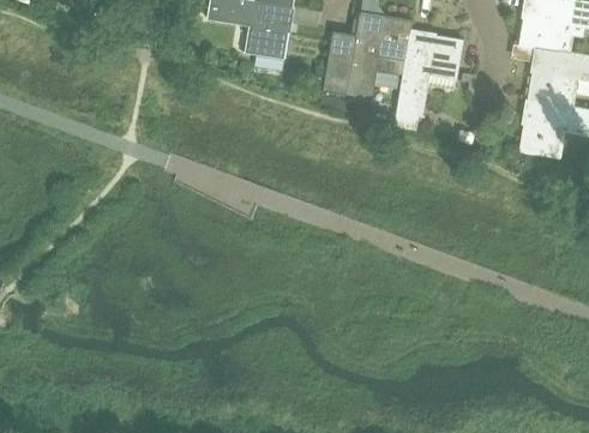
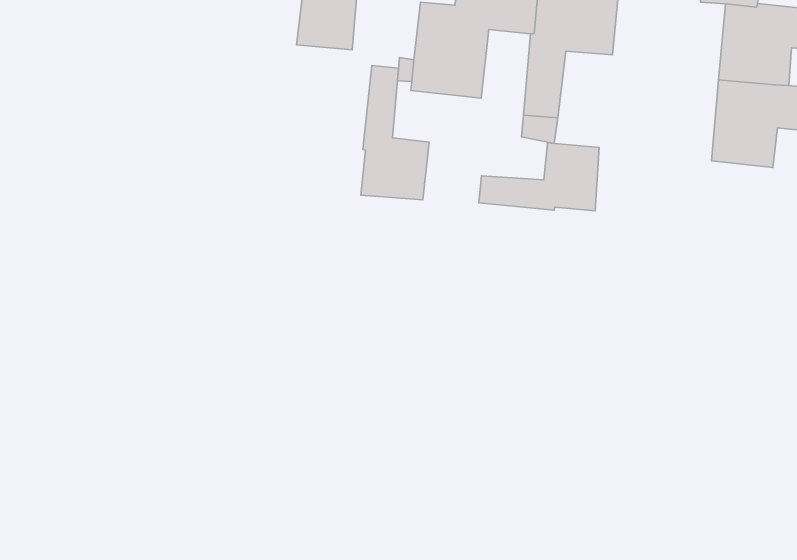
building: none -> [361,65,429,200]
building: none -> [479,143,599,211]

